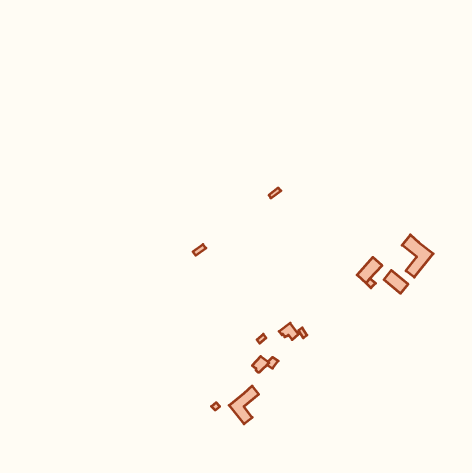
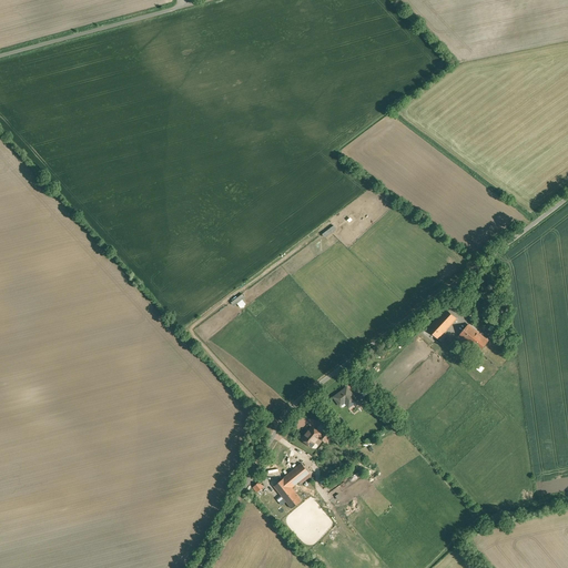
building: [402,235,433,277] -> none

